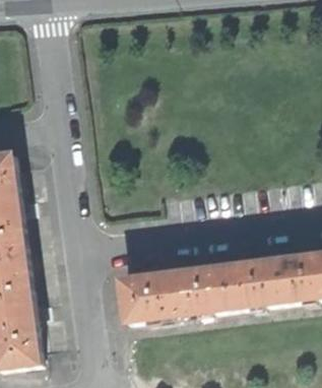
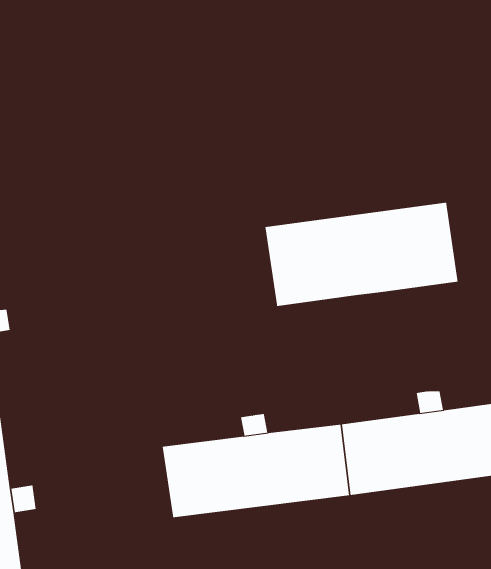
building: none -> [265,202,458,307]

